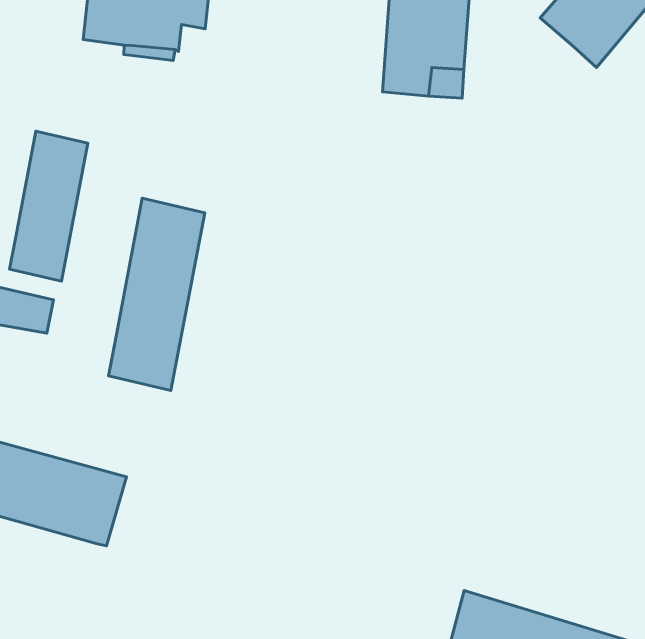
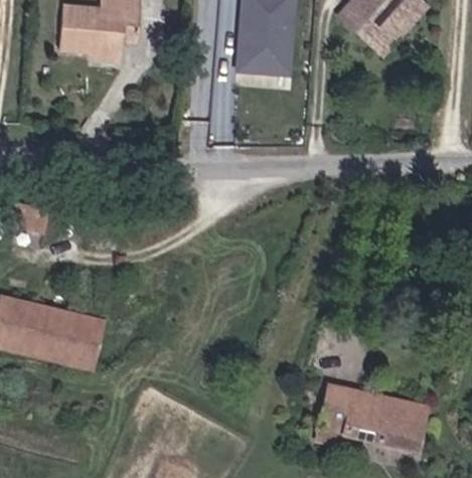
building: [10,131,88,281] -> none
building: [108,198,205,391] -> none

